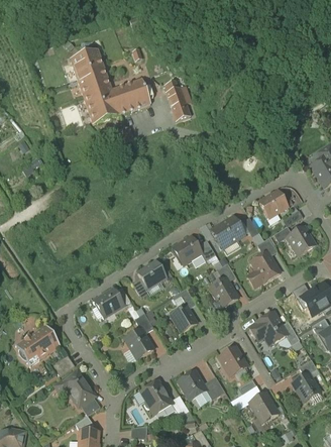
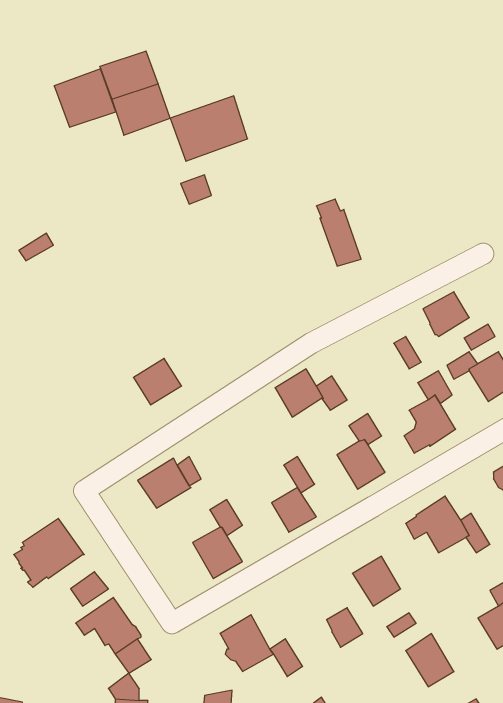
building: [163,81,190,120] -> [316,199,361,266]
building: [84,89,120,123] -> [54,69,116,127]
building: [212,216,243,247] -> none
building: [137,261,165,289] -> [133,358,182,405]
building: [178,370,206,400] -> none

